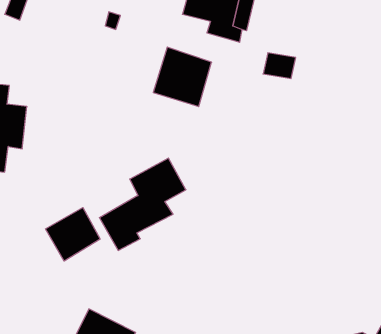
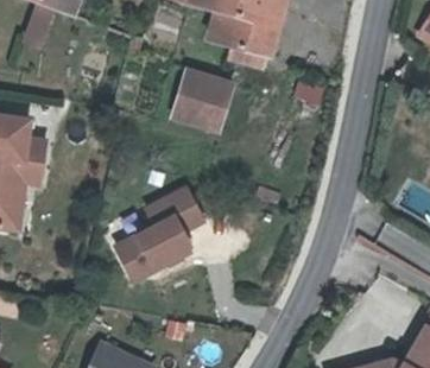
building: [46,208,100,261] -> none

